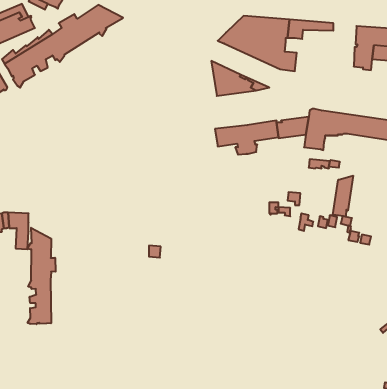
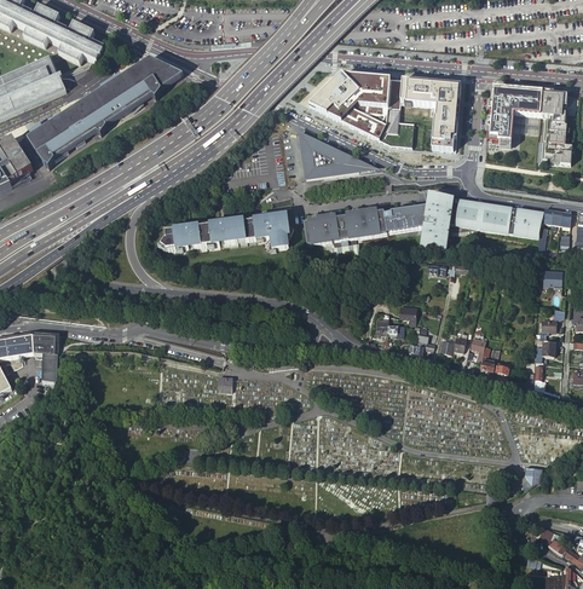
building: none -> [419,91,460,149]
building: none -> [161,214,293,249]
building: [333,176,353,217] -> none
building: [28,228,56,324] -> none

